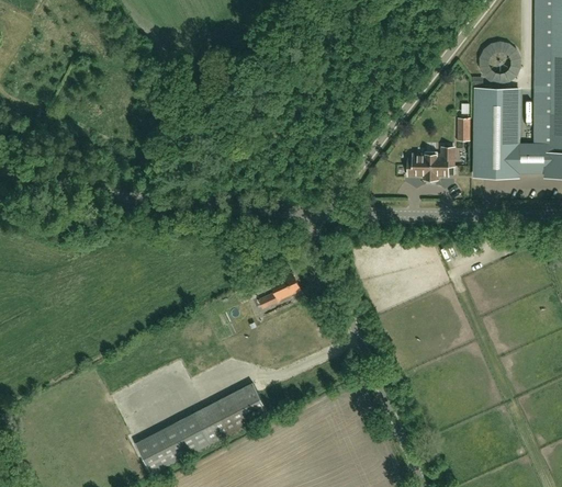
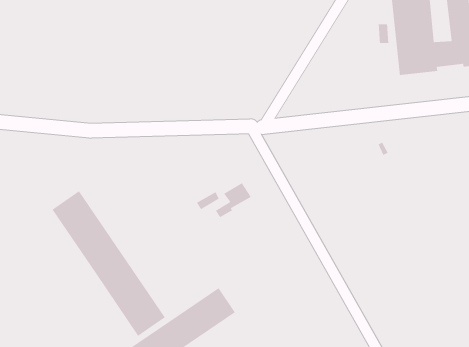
building: [408,146,453,178] -> none
building: none -> [51,190,166,337]

